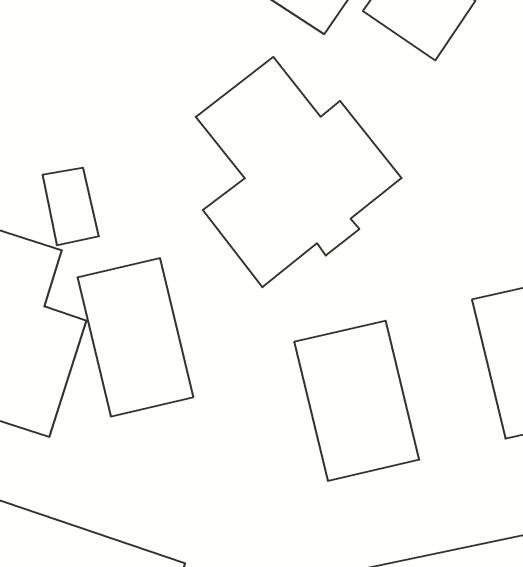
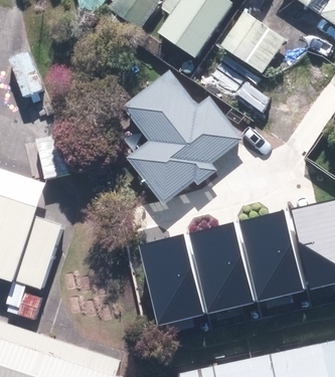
building: [77,258,193,416] -> [133,234,199,325]
building: none -> [232,210,301,302]

